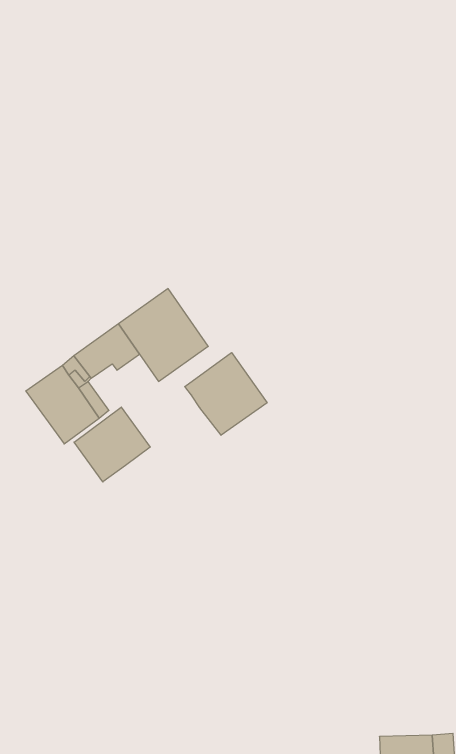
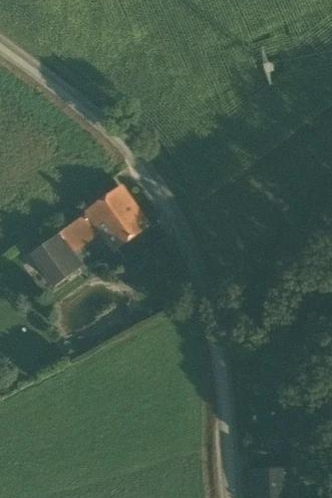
building: [185,353,267,435] -> none
building: [74,407,150,482] -> none

